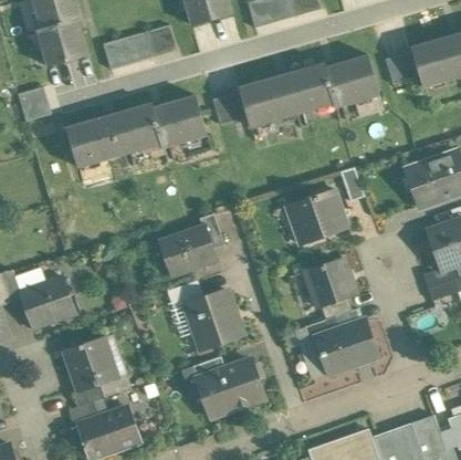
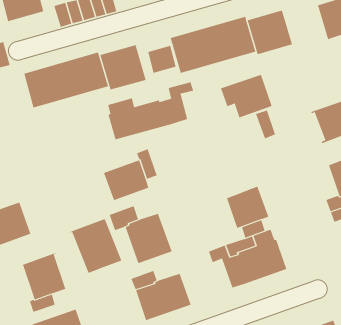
building: [384,52,419,85] -> none
building: none -> [107,82,194,140]
building: [284,190,346,242] -> [220,74,273,118]
building: none -> [70,217,122,275]

